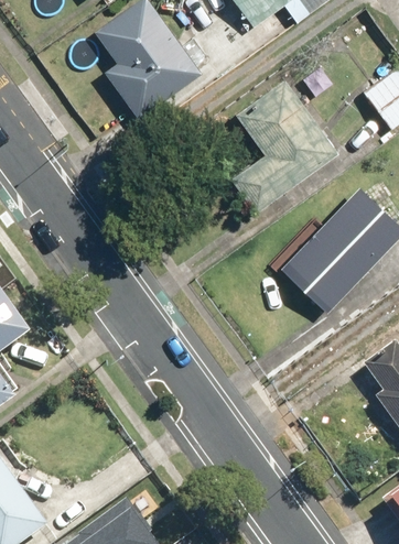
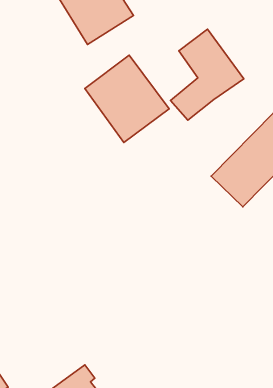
building: none -> [85,55,169,143]

